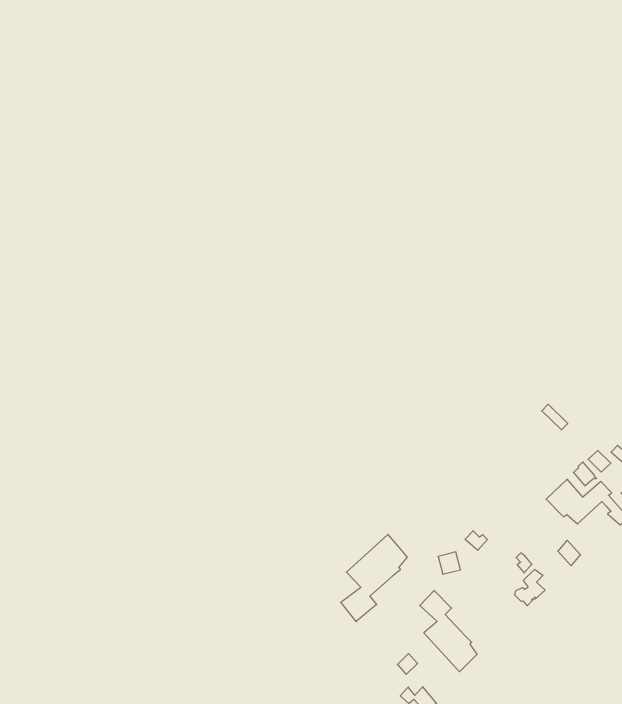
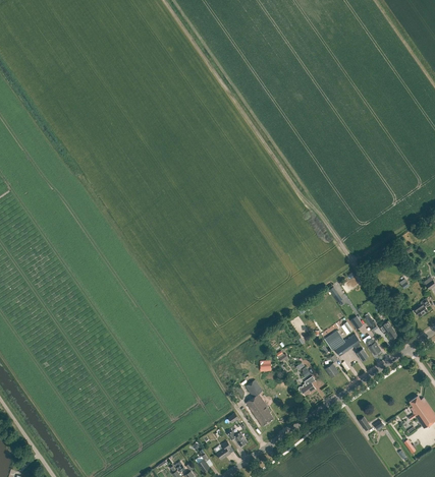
building: [341,534,407,622] -> none

